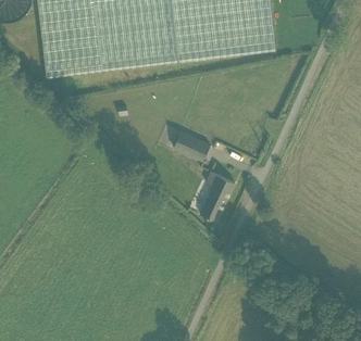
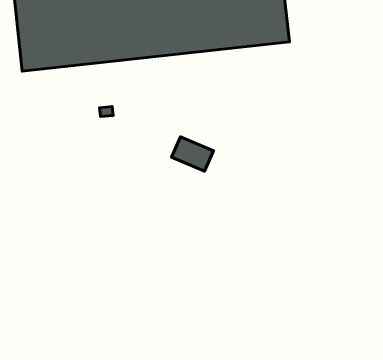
building: [197,173,234,222] -> none

